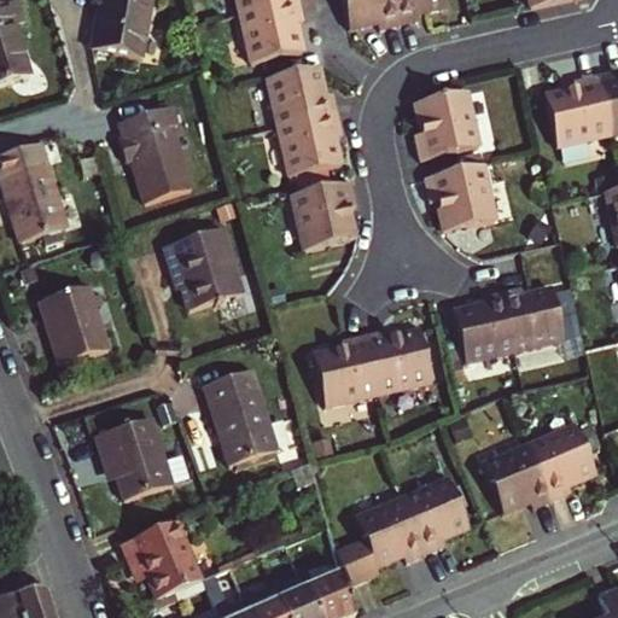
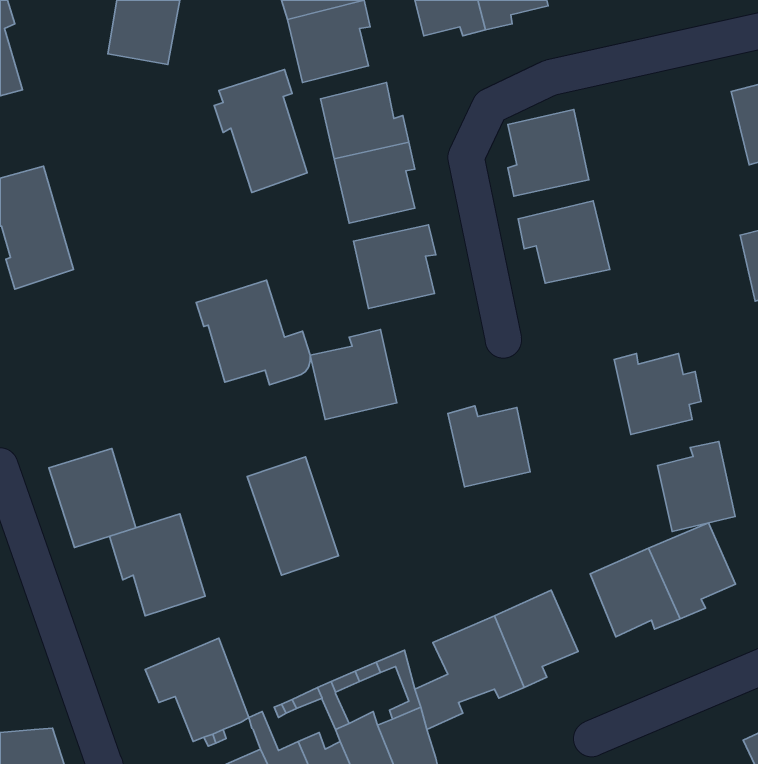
building: [543,75,610,147] -> none
building: [116,103,191,202] -> [214,70,307,192]
building: [39,282,109,362] -> [49,448,136,547]
building: [451,291,514,363] -> [657,442,735,531]
building: [310,334,380,407] -> [310,330,397,419]

